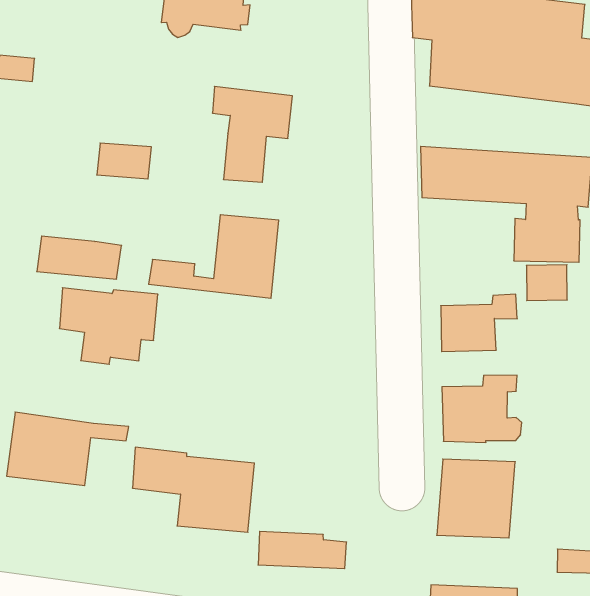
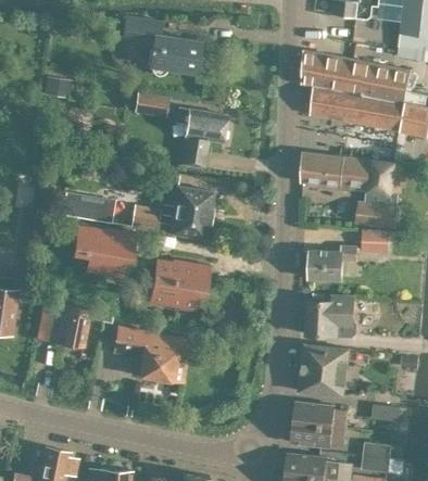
building: [97,143,151,179] -> [134,93,168,117]
building: none -> [149,260,209,311]
building: [258,531,347,569] -> [292,402,348,428]

